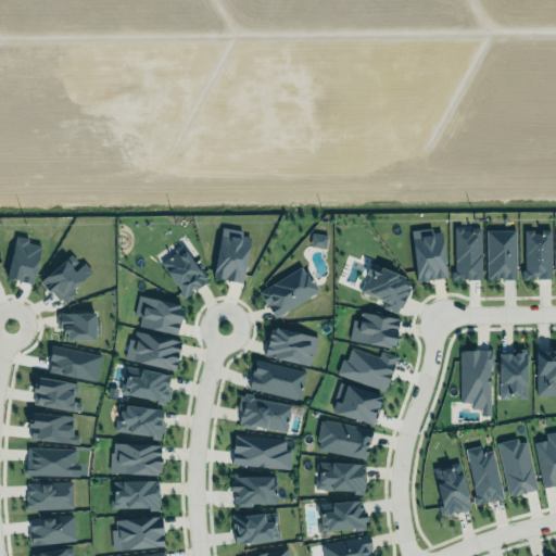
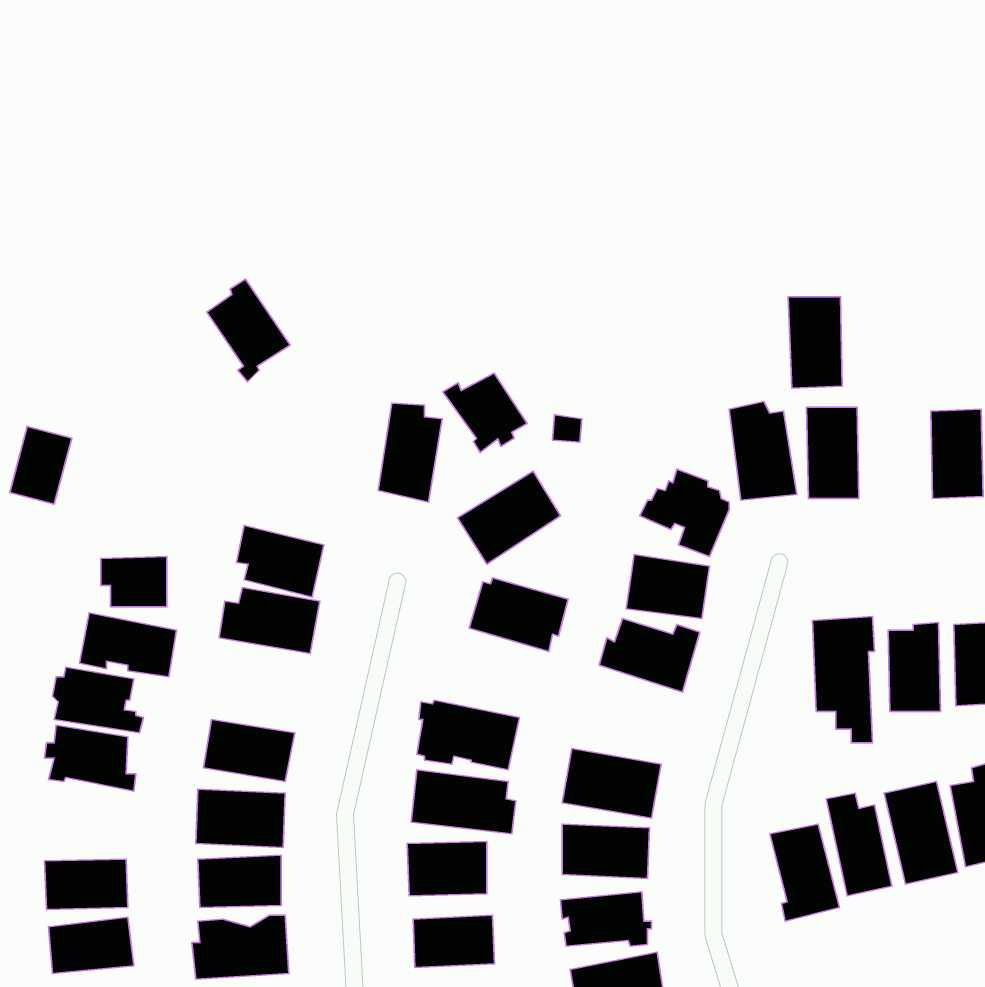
building: none -> [443,373,527,453]
building: [488,230,518,281] -> [788,297,842,388]
building: [161,241,207,299] -> [207,279,290,382]
building: [41,261,94,304] -> none
building: [251,361,307,402] -> none
building: [123,368,174,404] -> none
building: [333,381,383,422] -> none
building: [27,447,76,477] -> none

